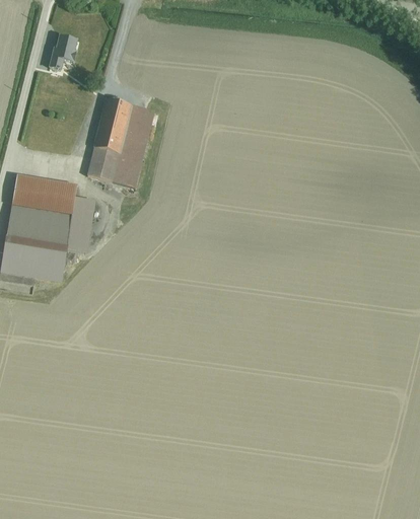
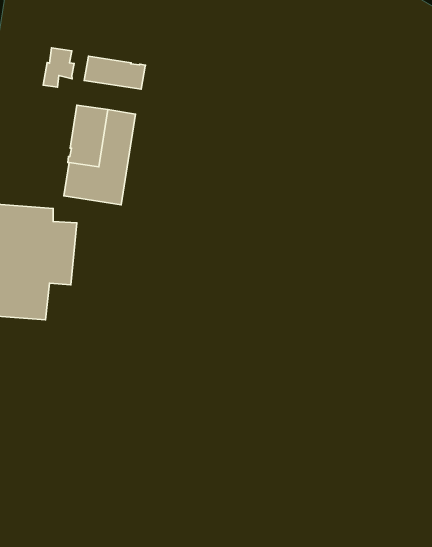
building: [49,34,77,69] -> [43,48,74,87]
building: none -> [84,56,146,89]

